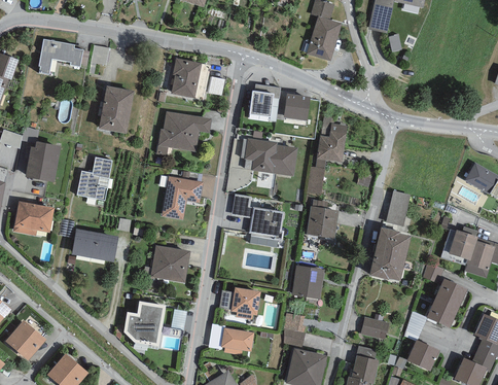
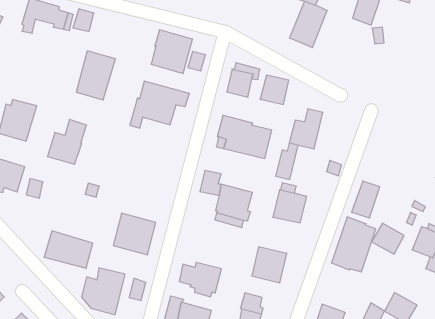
building: [162,175,204,219] -> none
building: [71,227,118,261] -> [44,231,93,268]
building: [435,278,467,308] -> [371,223,404,254]

